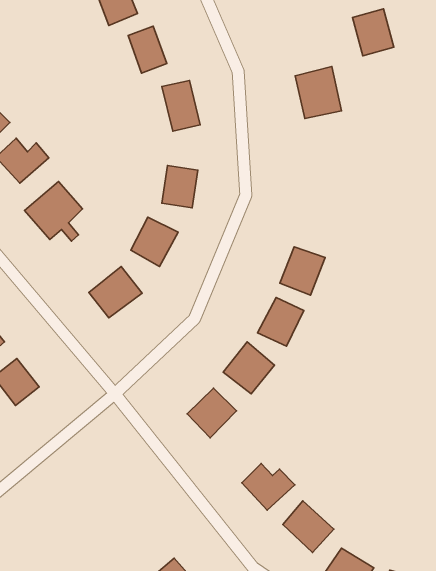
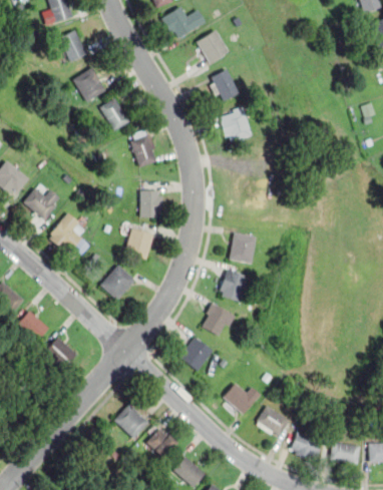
building: [352,9,394,56] -> [208,68,239,102]
building: none -> [114,403,149,438]
building: none -> [146,427,177,457]

